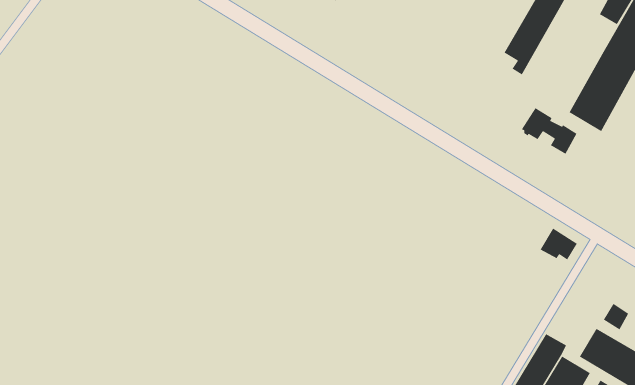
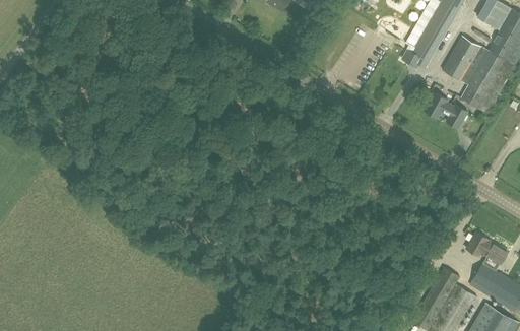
building: none -> [441,35,486,84]
building: [540,227,578,261] -> [465,230,495,256]

